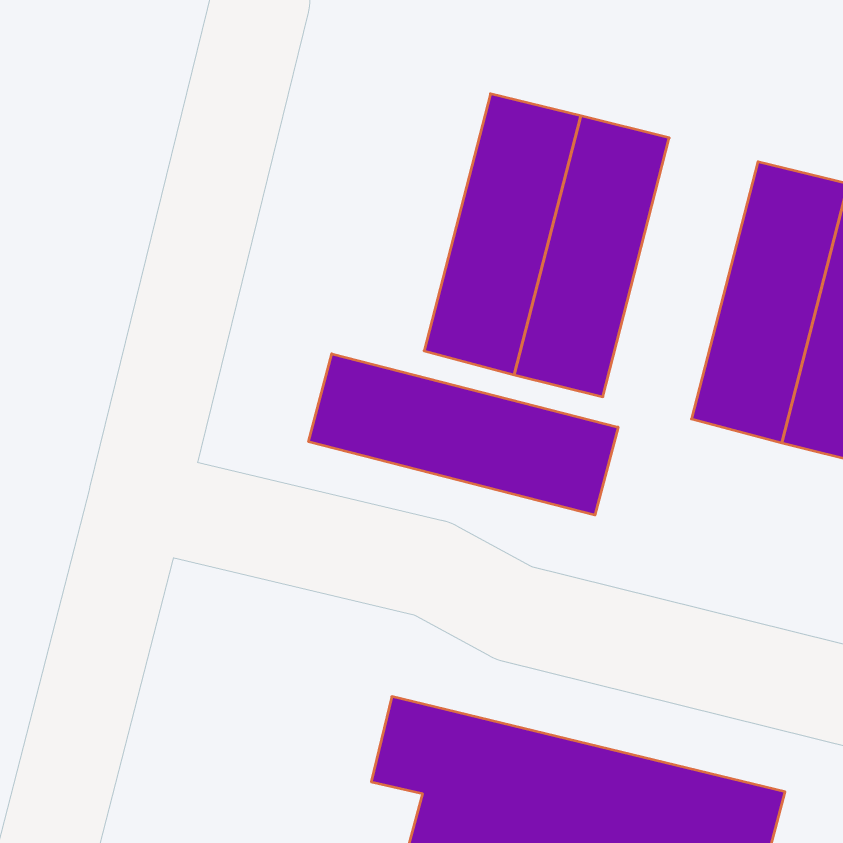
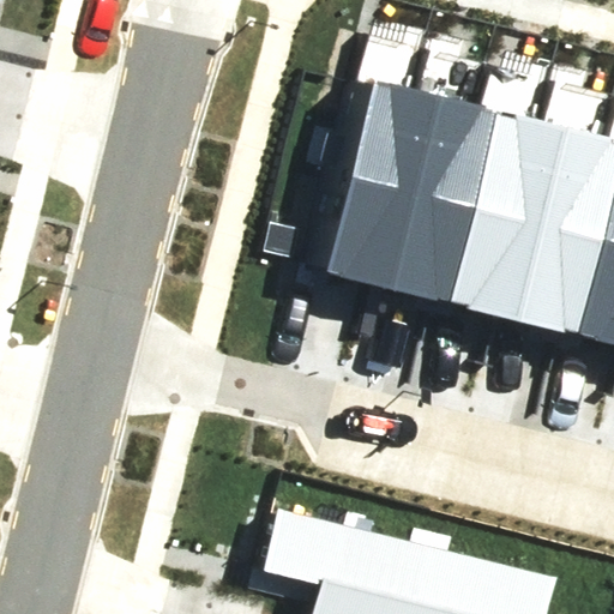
building: none -> [444,116,553,314]
building: [309,354,618,515] -> none

